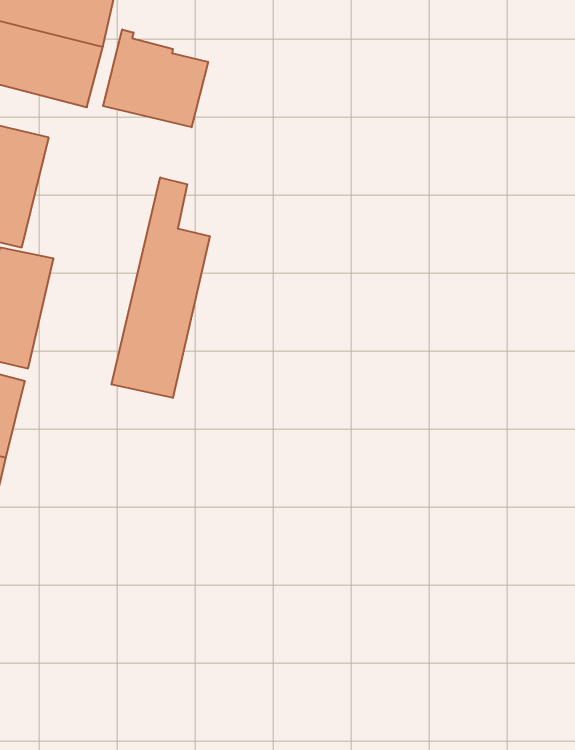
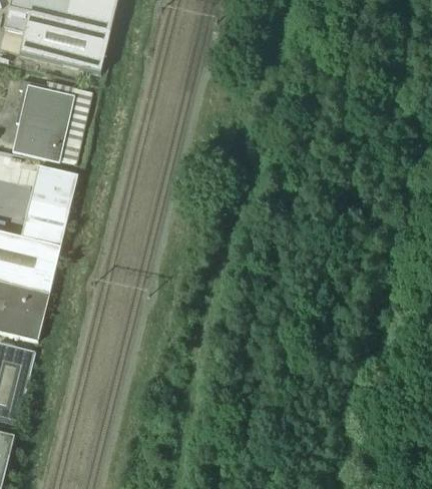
building: [103,29,208,127] -> none
building: [112,177,210,398] -> none

